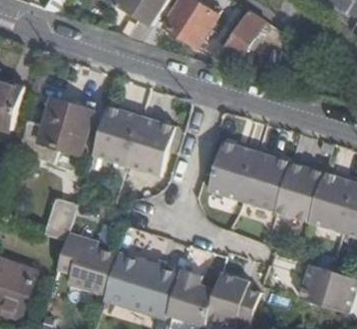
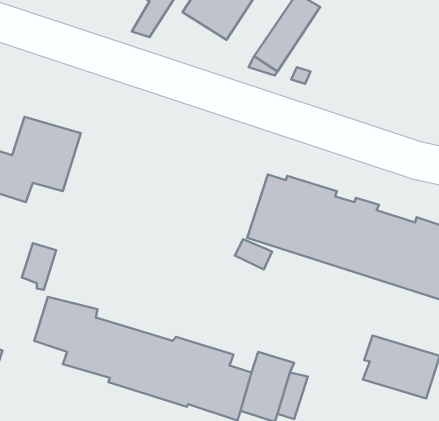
building: [93,106,181,175] -> none

